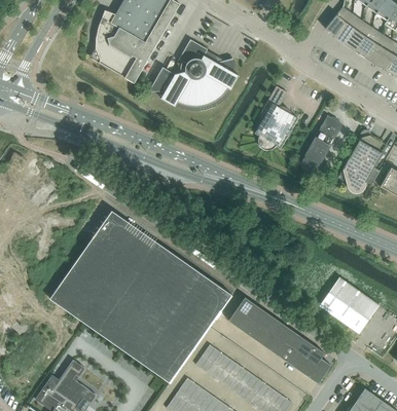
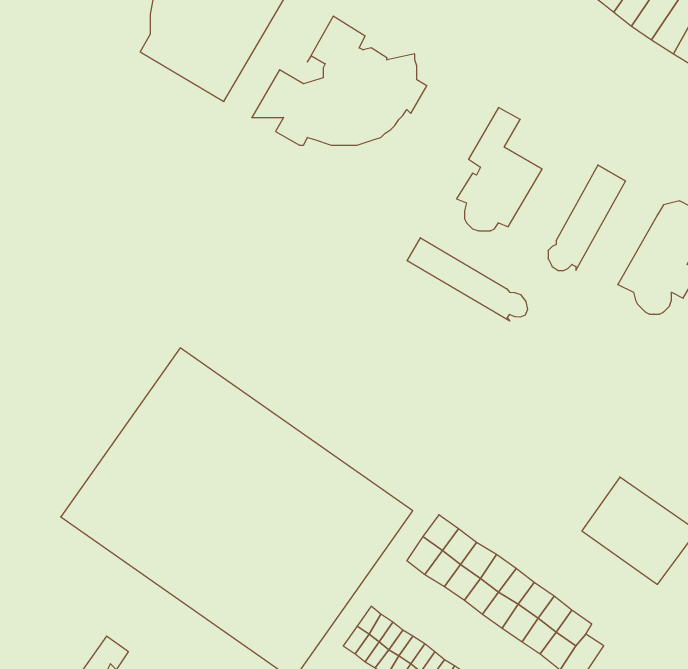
building: none -> [407,238,528,321]

